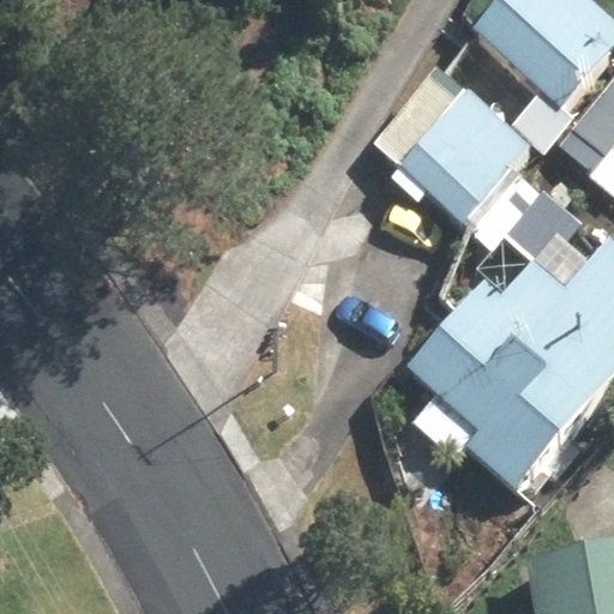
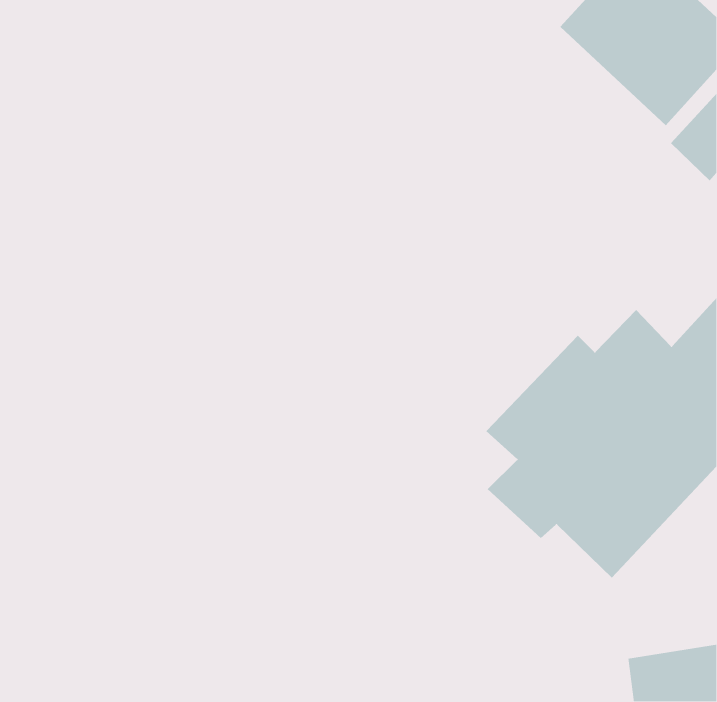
building: [401,86,535,229] -> none

